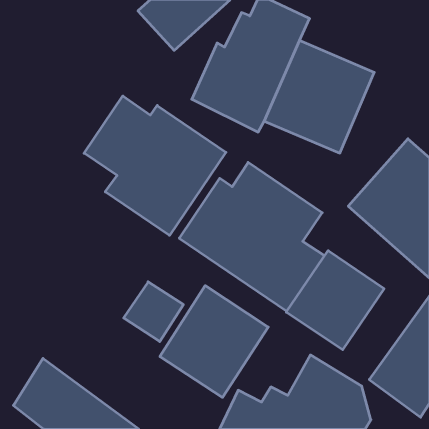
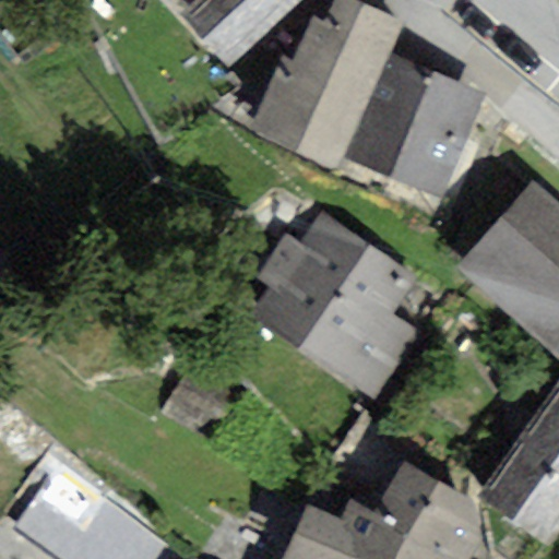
building: [84,96,226,235] -> none
building: [286,251,384,350] -> none
building: [160,286,268,397] -> none

